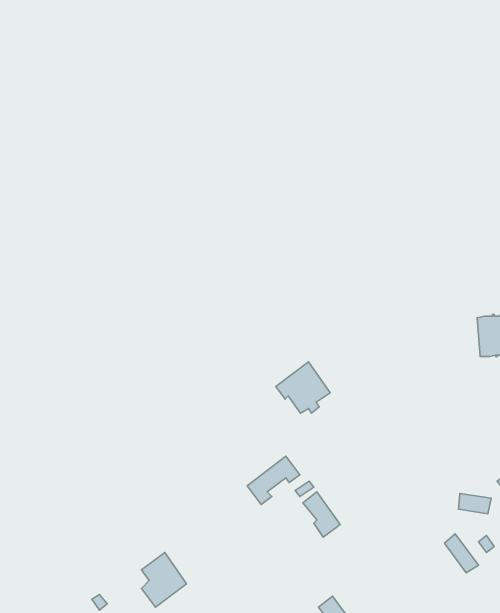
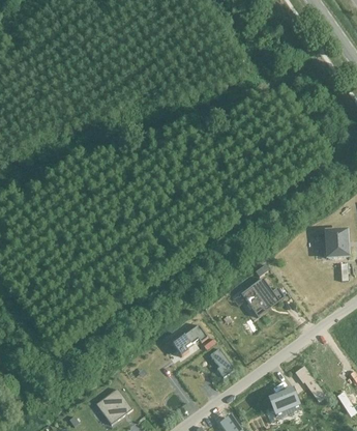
building: [276,362,330,413] -> [240,277,276,311]
building: none -> [268,389,299,414]

